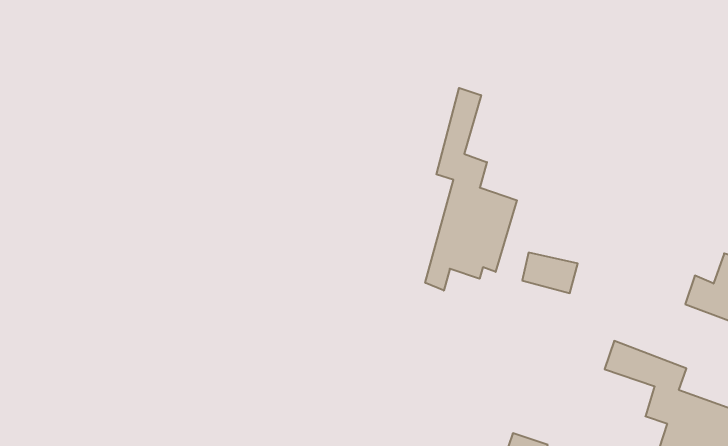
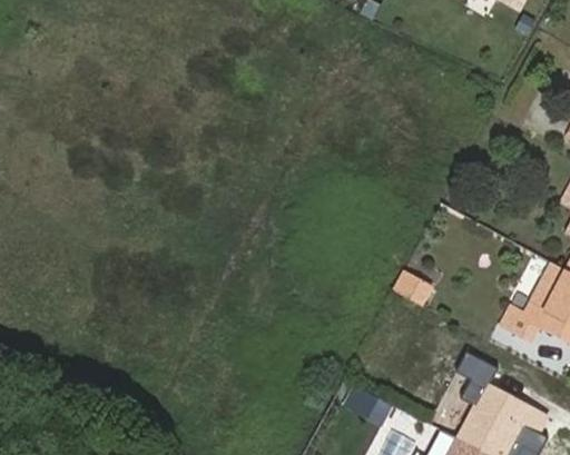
building: [425,88,517,291] -> none

